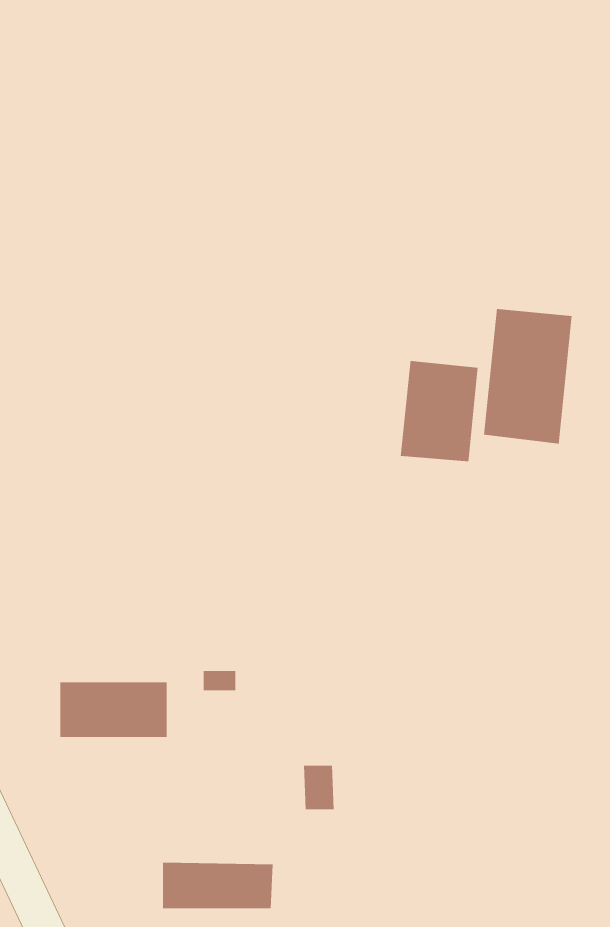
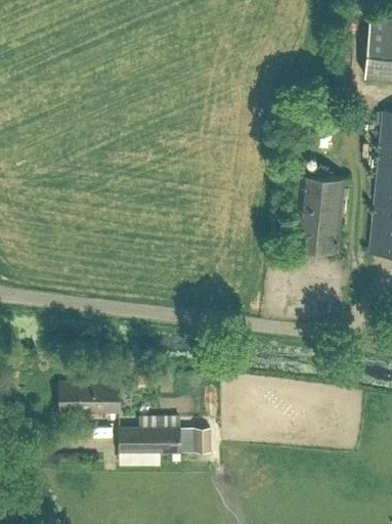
building: [400,360,478,462] -> none
building: [162,862,274,909] -> [120,428,181,453]

